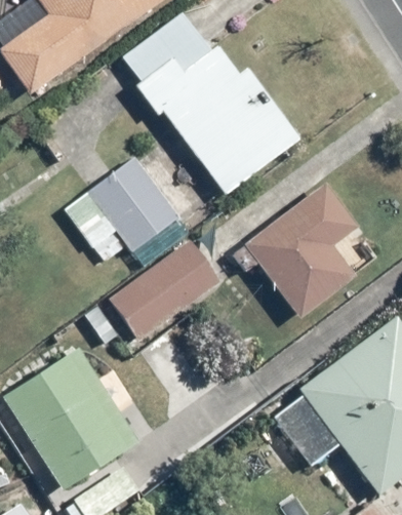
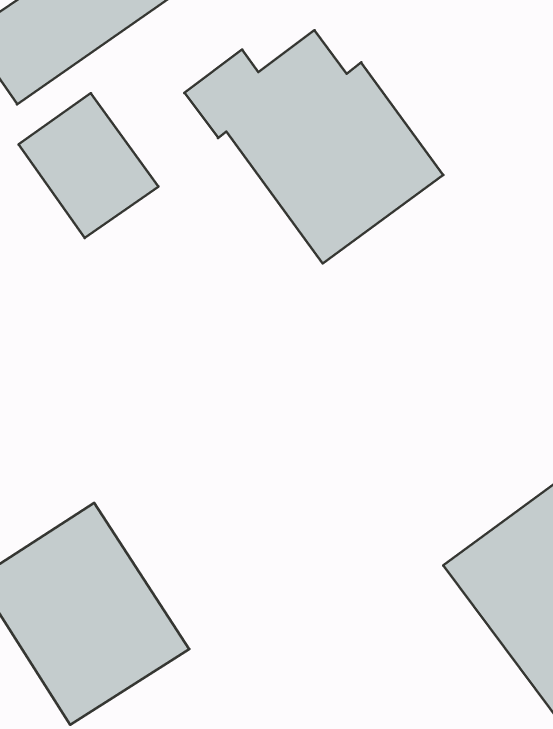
building: [88,159,177,251] -> [19,93,158,238]
building: [233,185,358,318] -> none
building: [110,242,216,338] -> none

